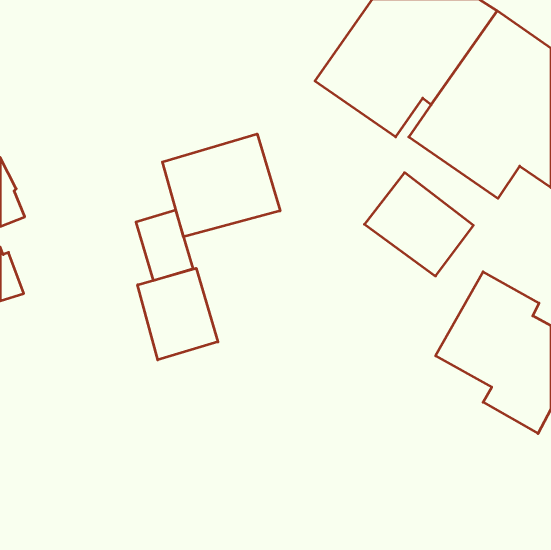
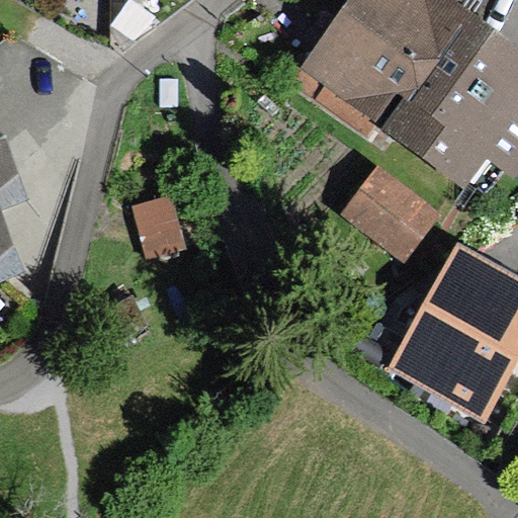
building: [162,134,280,237] -> none
building: [138,268,218,360] -> none

